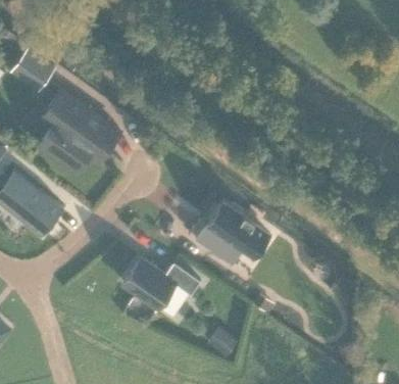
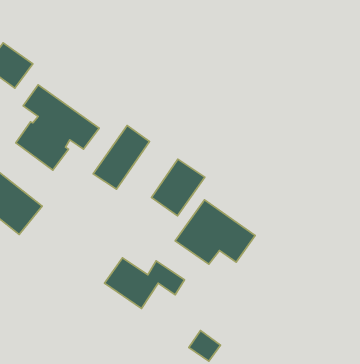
building: none -> [93,126,150,189]
building: none -> [151,159,205,216]

